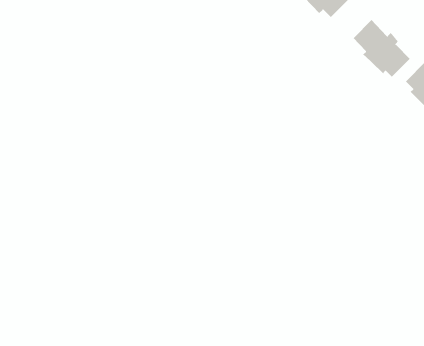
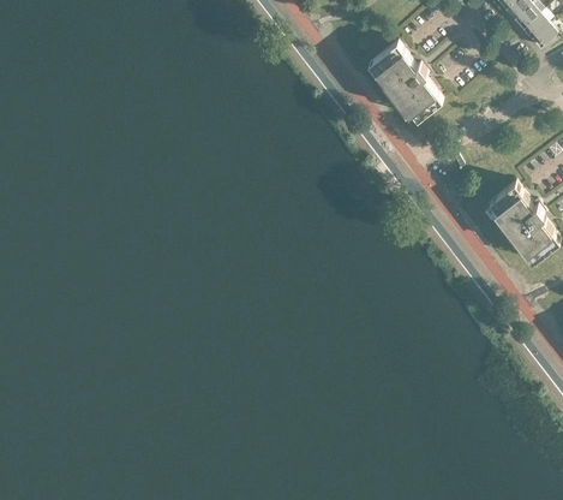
building: [353,19,410,78] -> none

